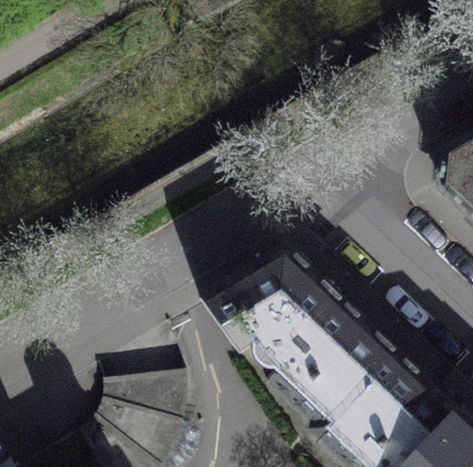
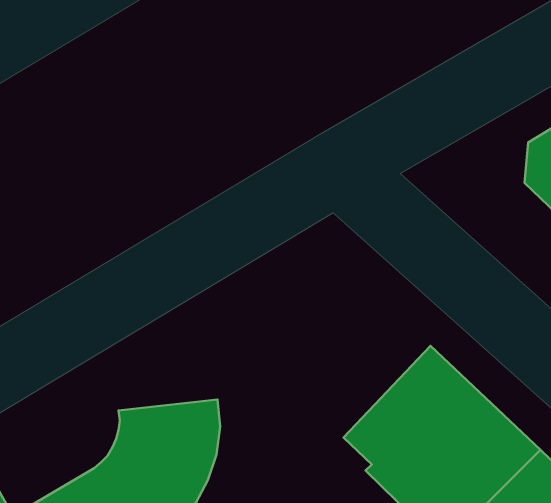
building: [206,253,370,406] -> none

